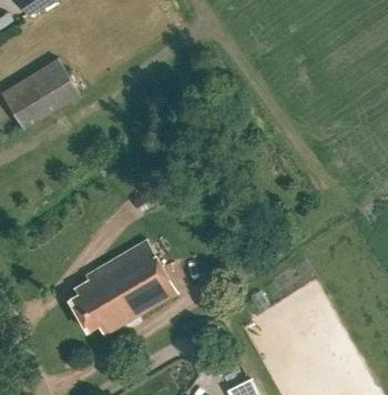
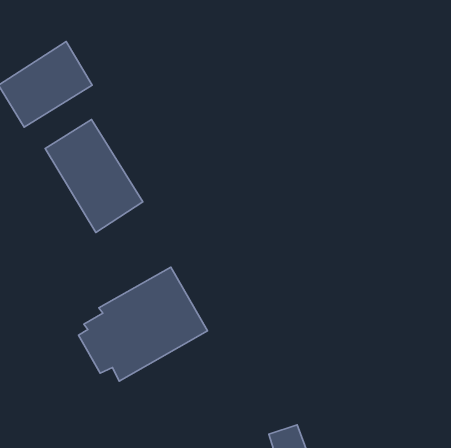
building: none -> [45,119,143,232]

